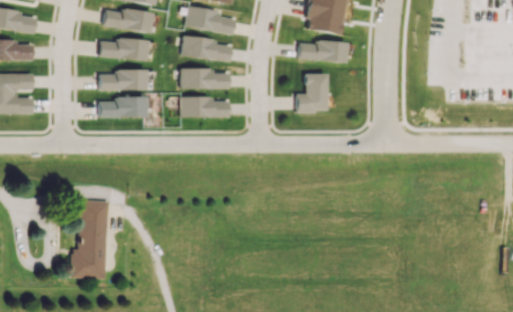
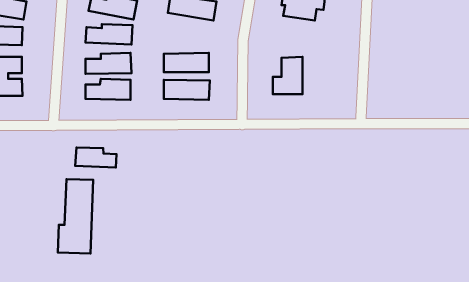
building: [181,36,232,62] -> none
building: [298,40,348,63] -> none
building: none -> [75,148,116,167]

